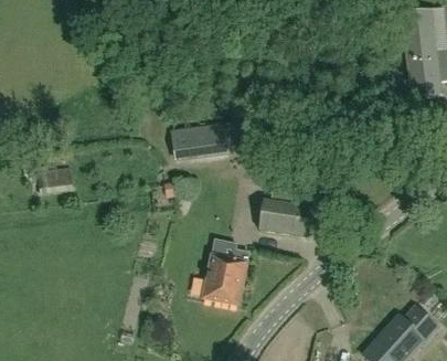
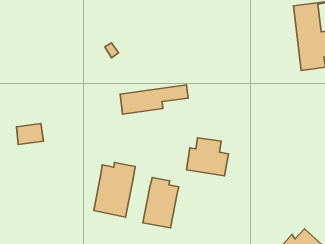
building: none -> [94,163,135,217]

